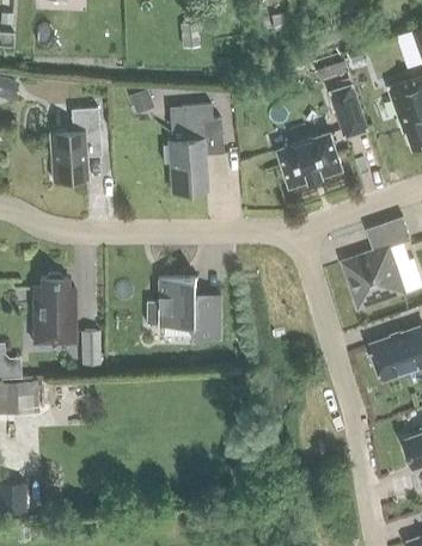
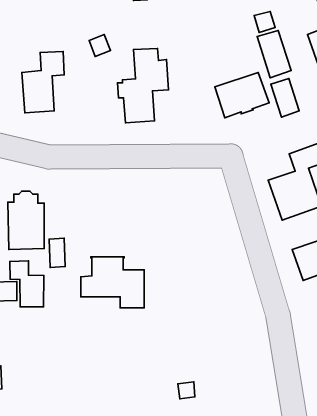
building: none -> [271,79,299,117]
building: [147,278,222,339] -> [81,257,144,308]
building: none -> [10,261,44,307]

